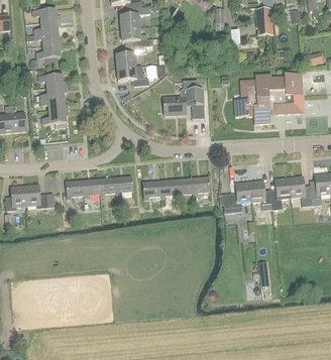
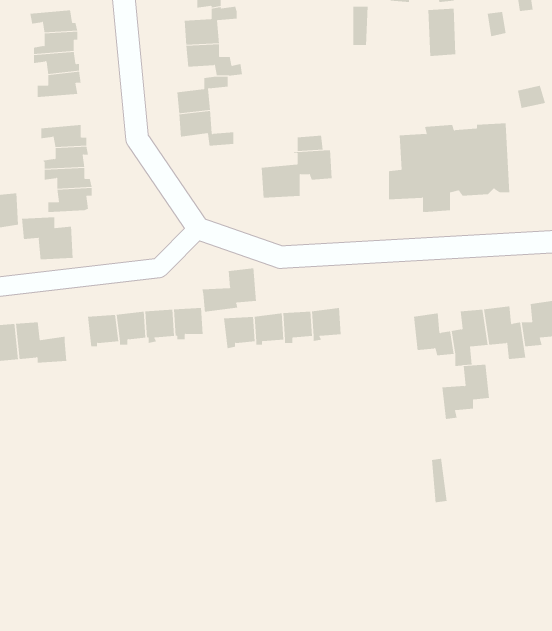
building: none -> [22,216,73,260]
building: none -> [202,268,257,312]
building: [223,182,250,213] -> [441,364,490,420]

